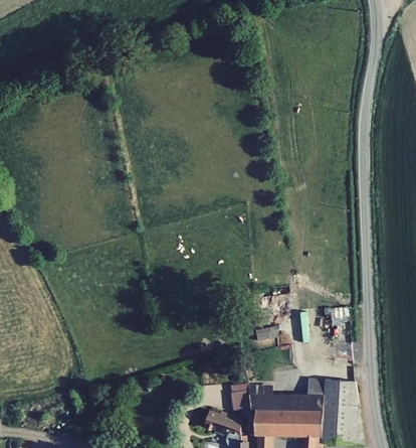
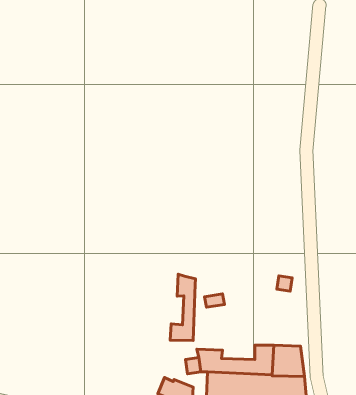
building: none -> [170,274,196,340]

